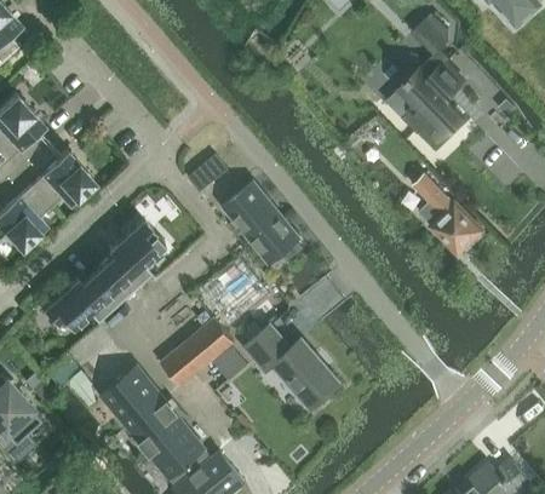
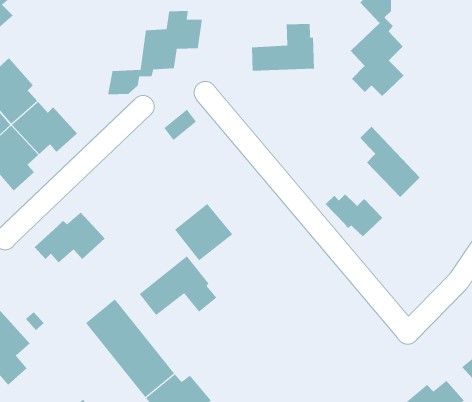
building: none -> [107,10,202,95]
building: none -> [251,23,314,71]
building: [225,184,299,263] -> none
building: [97,220,165,300] -> none
building: none -> [325,193,383,237]
building: [245,327,340,410] -> none

